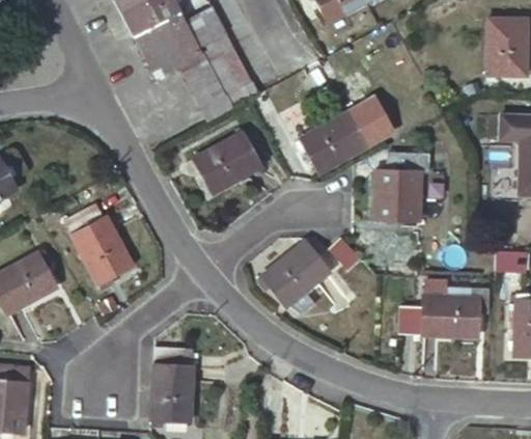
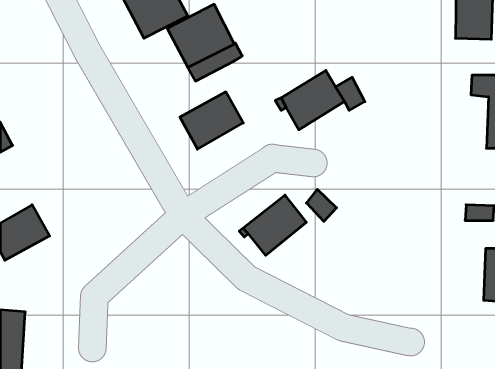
building: [373,149,428,219] -> none
building: [64,204,131,282] -> none
building: [402,279,481,335] -> none
building: [150,346,192,420] -> none

